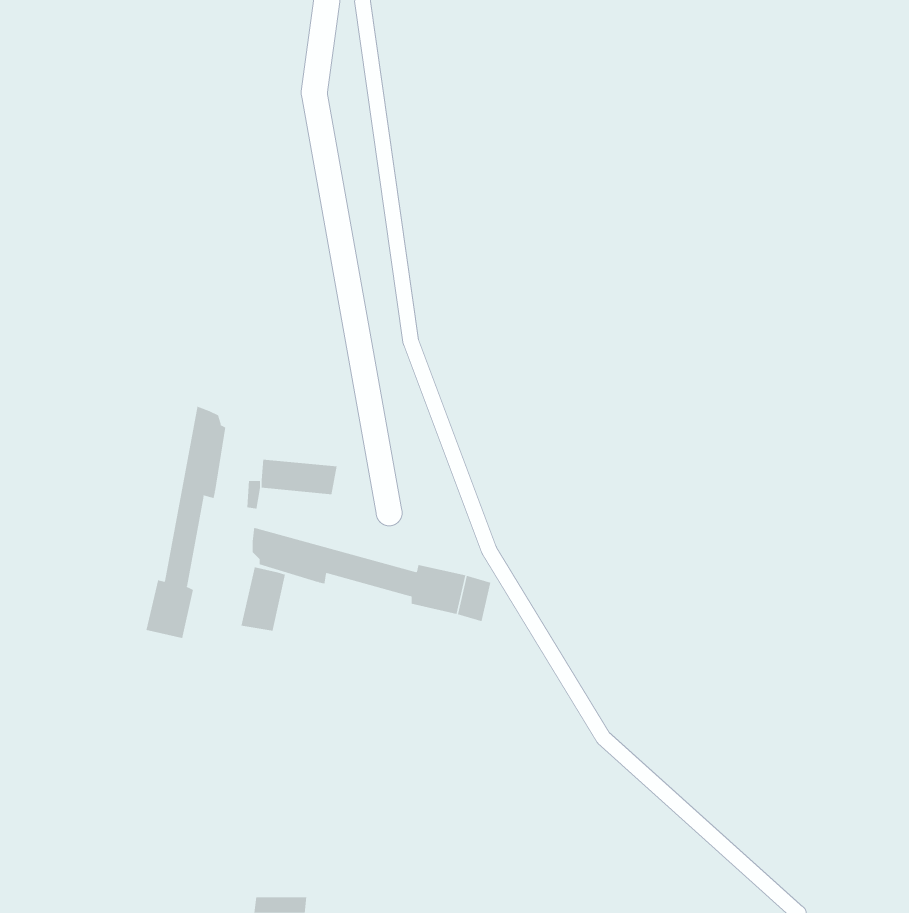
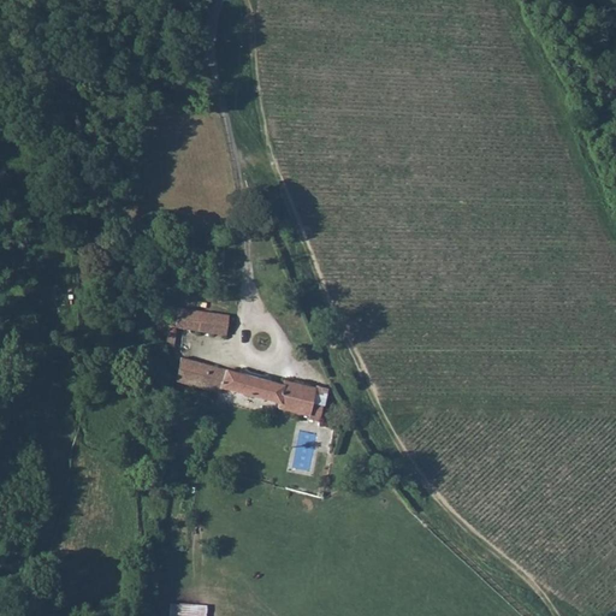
building: [146,406,226,639] -> none
building: [241,566,286,631] -> none

